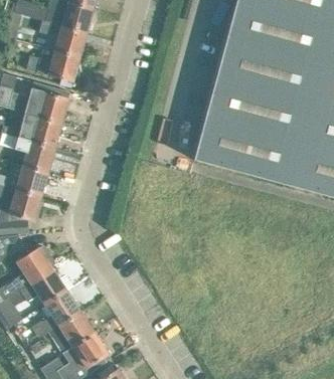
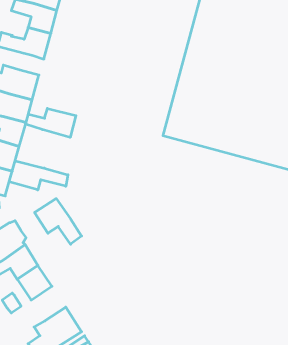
building: none -> [26,108,76,137]
building: none -> [9,161,68,190]
building: none -> [35,199,82,244]
building: [59,312,95,347] -> none

